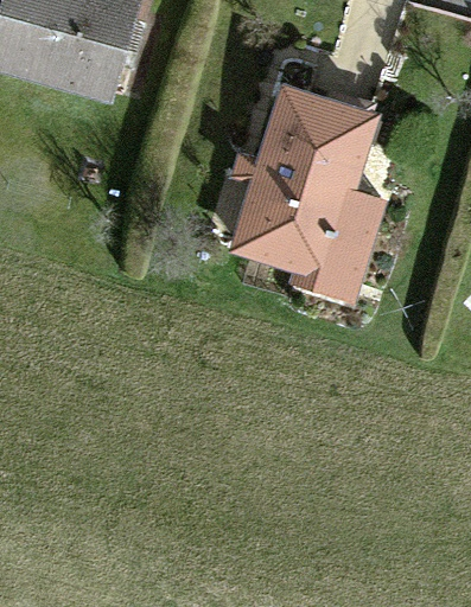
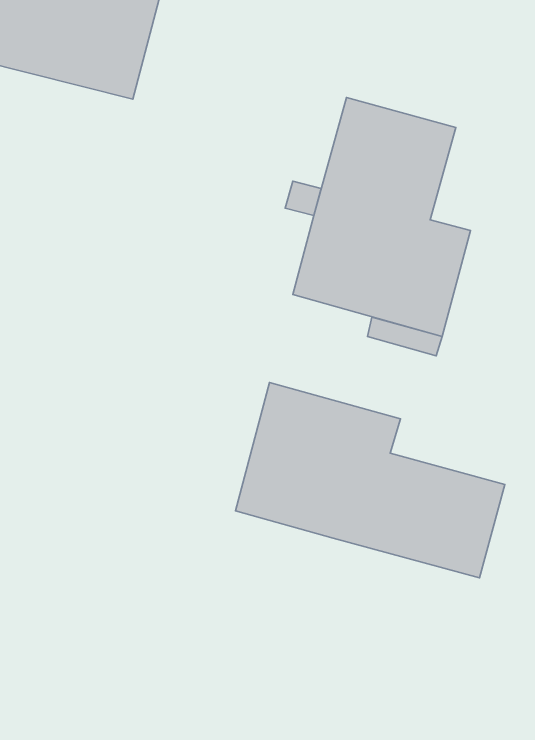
building: none -> [235,382,505,578]

